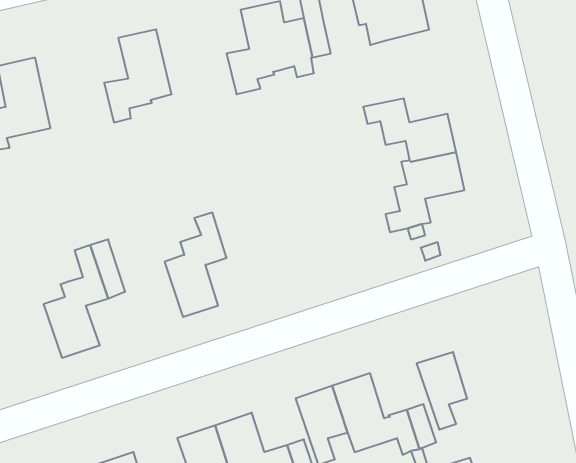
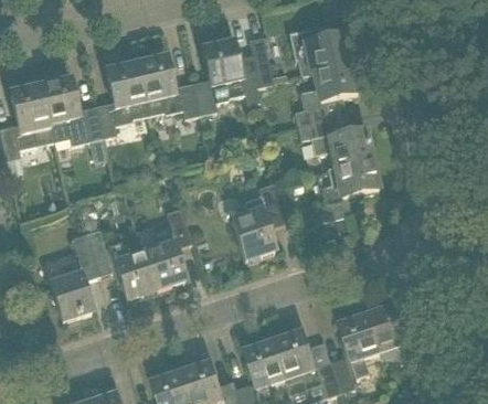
building: none -> [136,56,199,116]
building: none -> [295,63,357,124]
building: none -> [41,78,103,143]
building: none -> [231,180,286,259]
building: none -> [108,241,157,298]
building: none -> [369,306,415,362]

